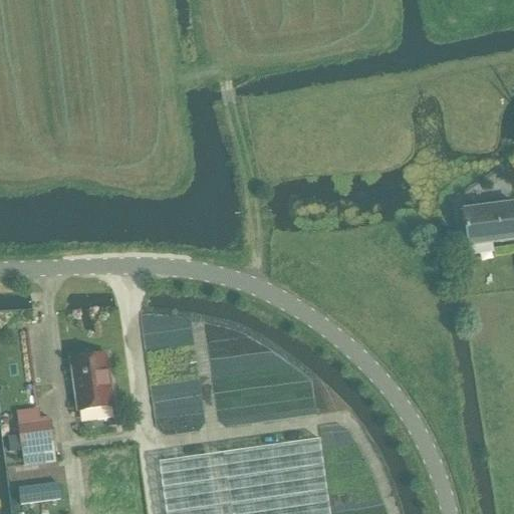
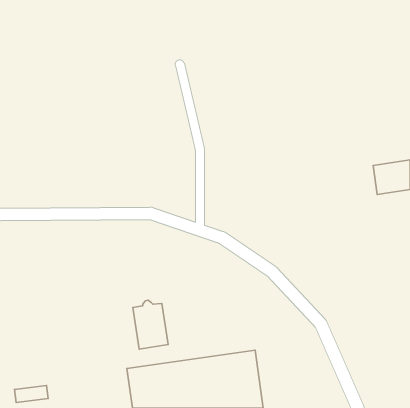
building: [70,348,114,410] -> [133,300,168,349]
building: [18,419,56,467] -> none

